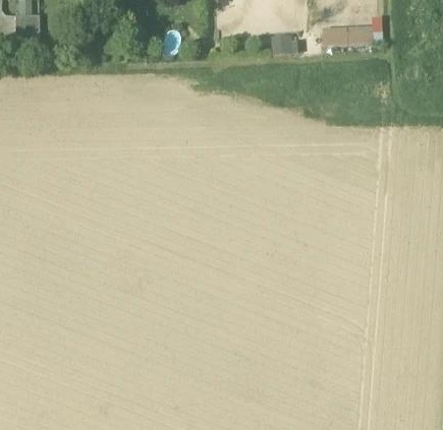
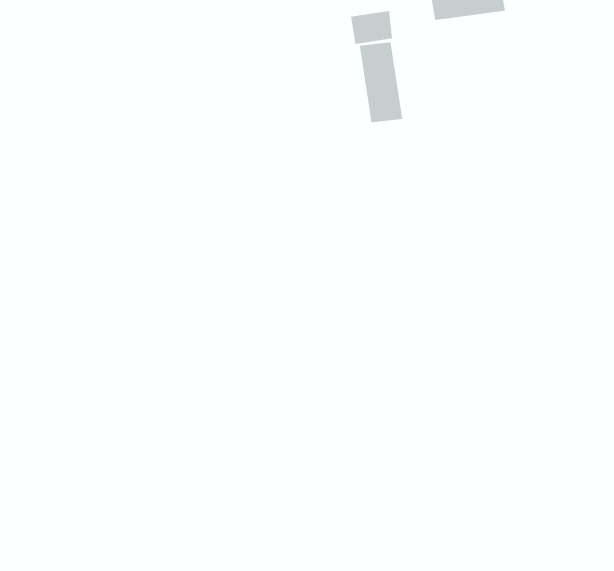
building: none -> [359,41,403,123]

